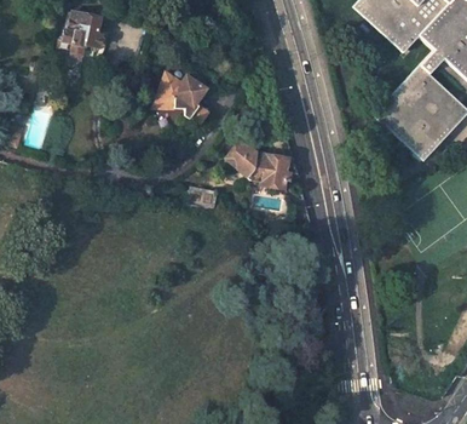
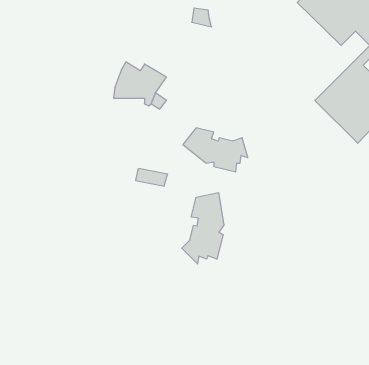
building: [56,13,100,58] -> none
building: none -> [182,193,224,264]

